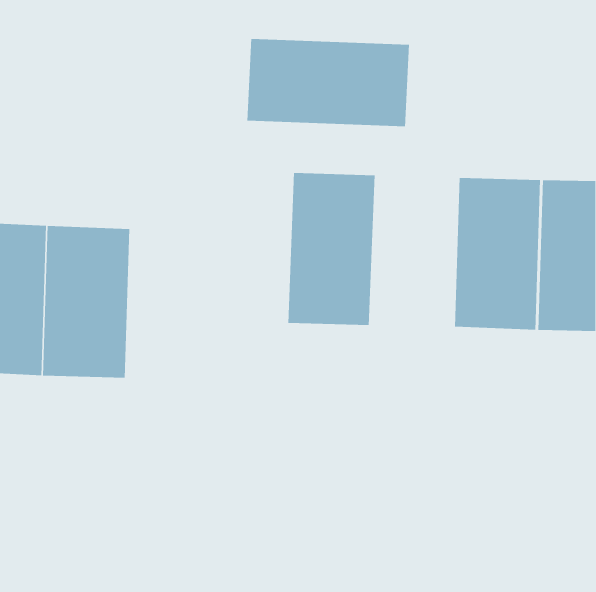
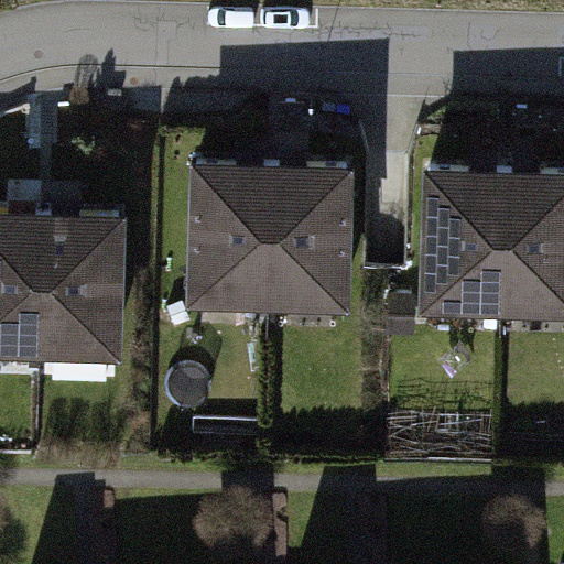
building: [246,38,410,127] -> none
building: none -> [192,166,274,311]

